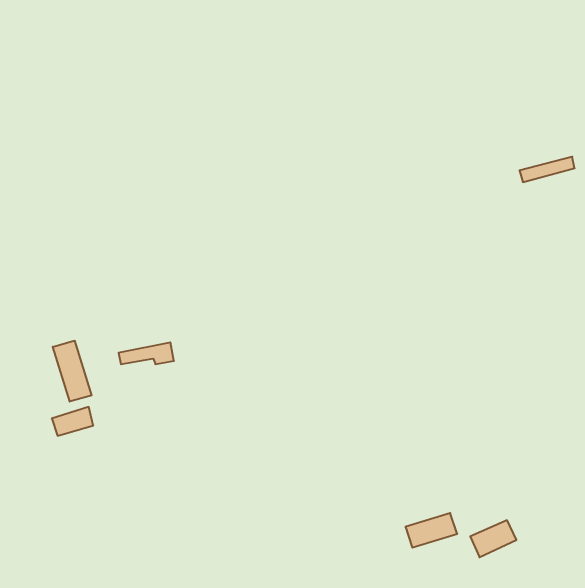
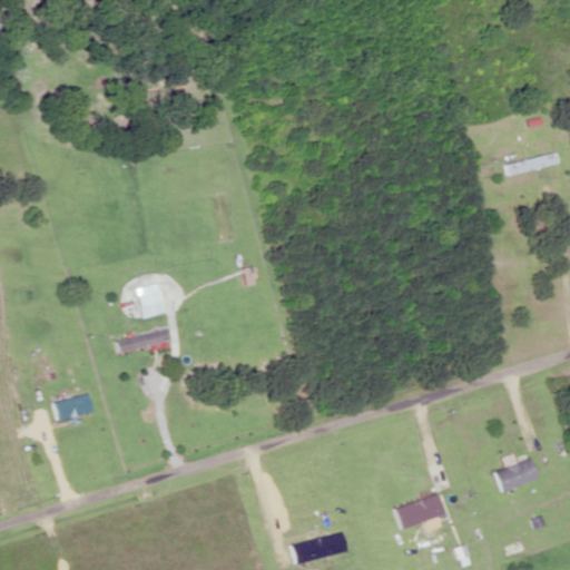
building: [53,341,92,402] -> none
building: [470,520,516,557] -> [495,458,540,493]

